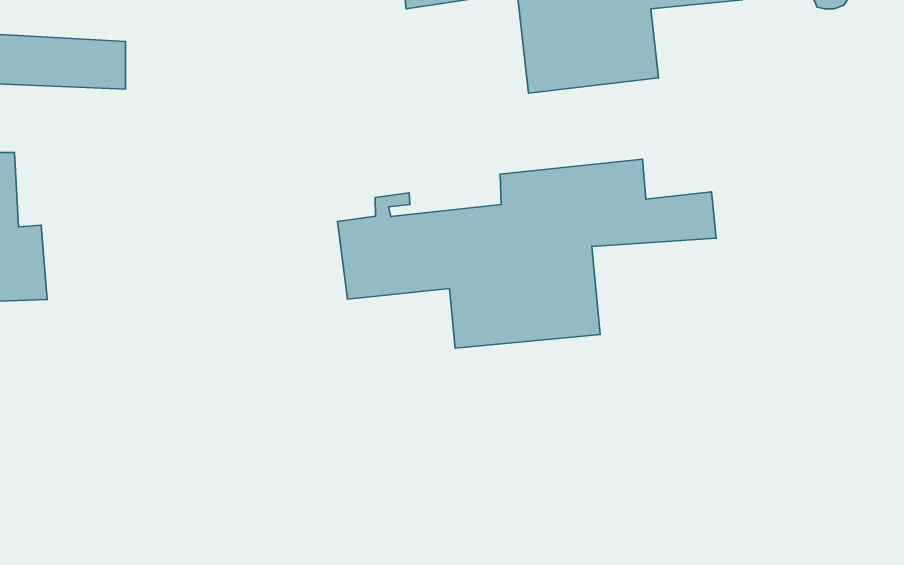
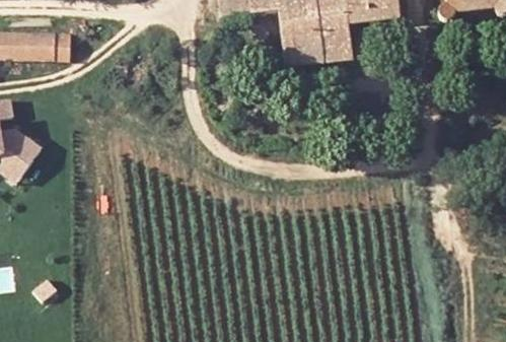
building: [338,159,716,348] -> none

